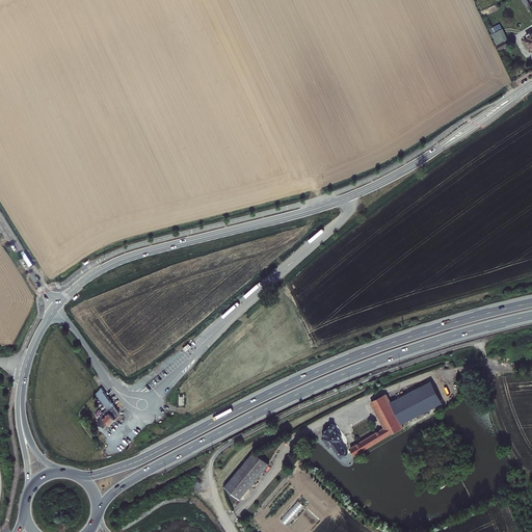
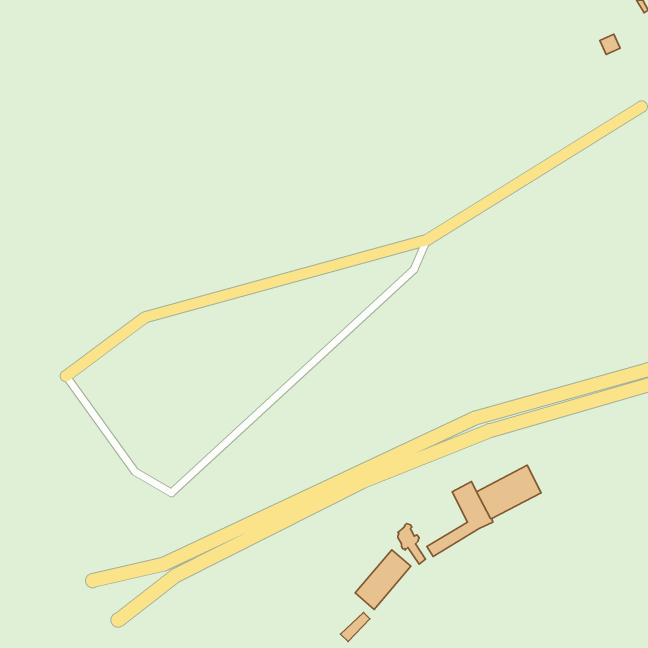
building: [96,389,118,429] -> none
building: [223,452,269,501] -> [355,550,411,610]

